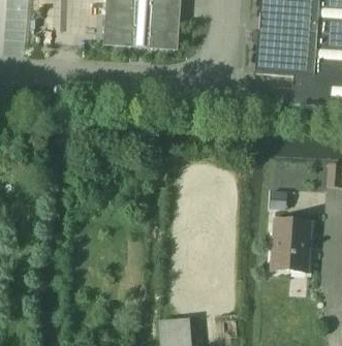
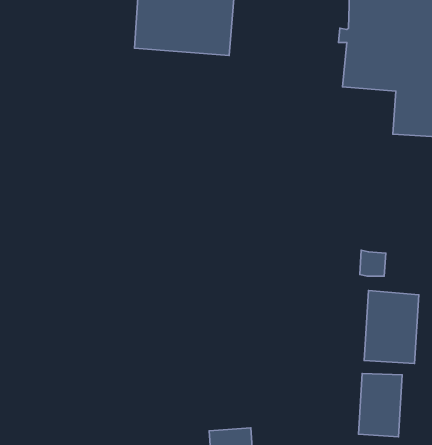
building: none -> [358,374,402,437]

